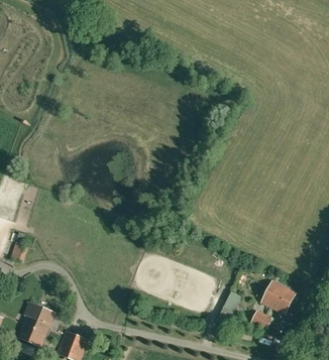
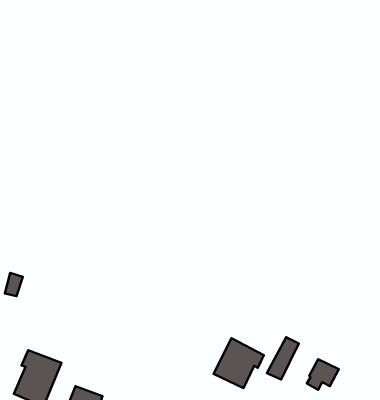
building: [260,281,295,314] -> none
building: none -> [214,338,264,388]

